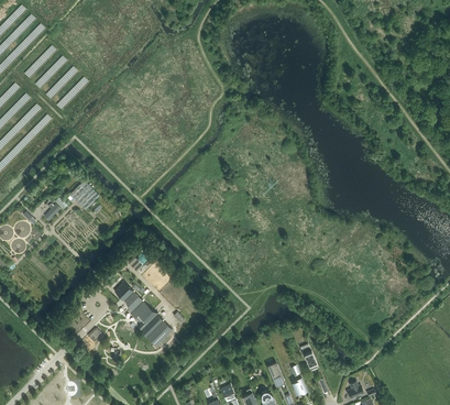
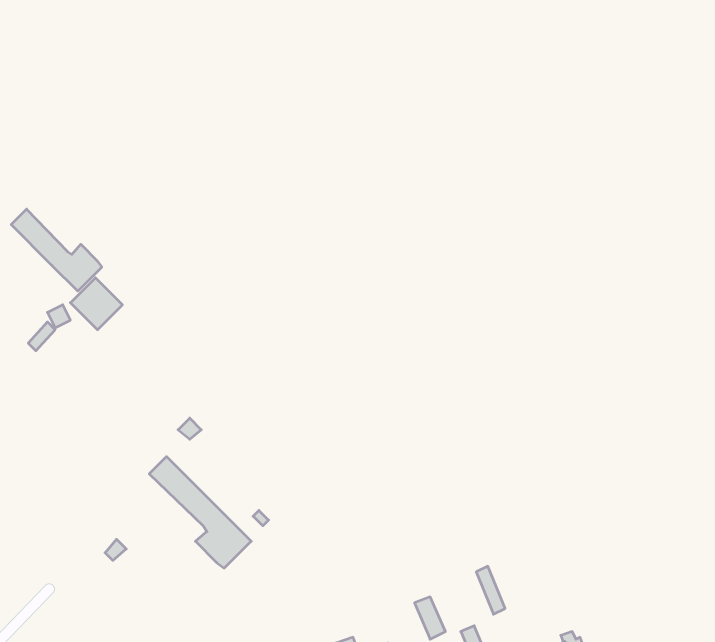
building: none -> [11,209,102,291]

